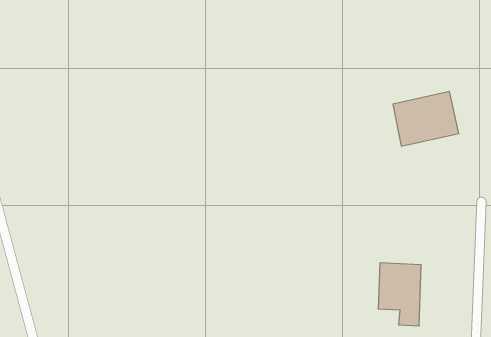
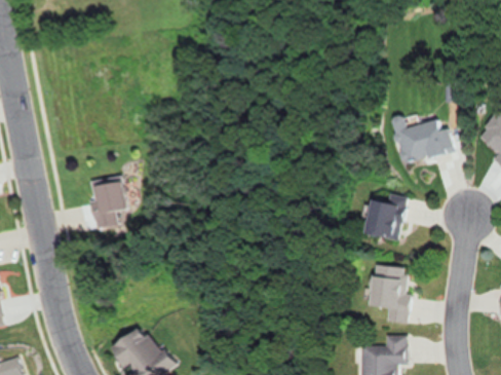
building: none -> [90,177,127,227]
building: none -> [364,198,404,240]

